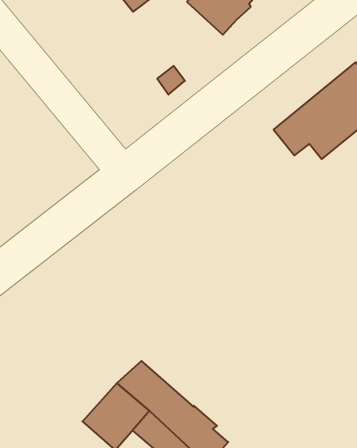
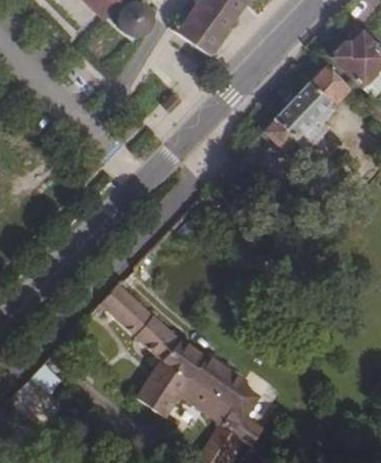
building: none -> [100,284,179,360]

